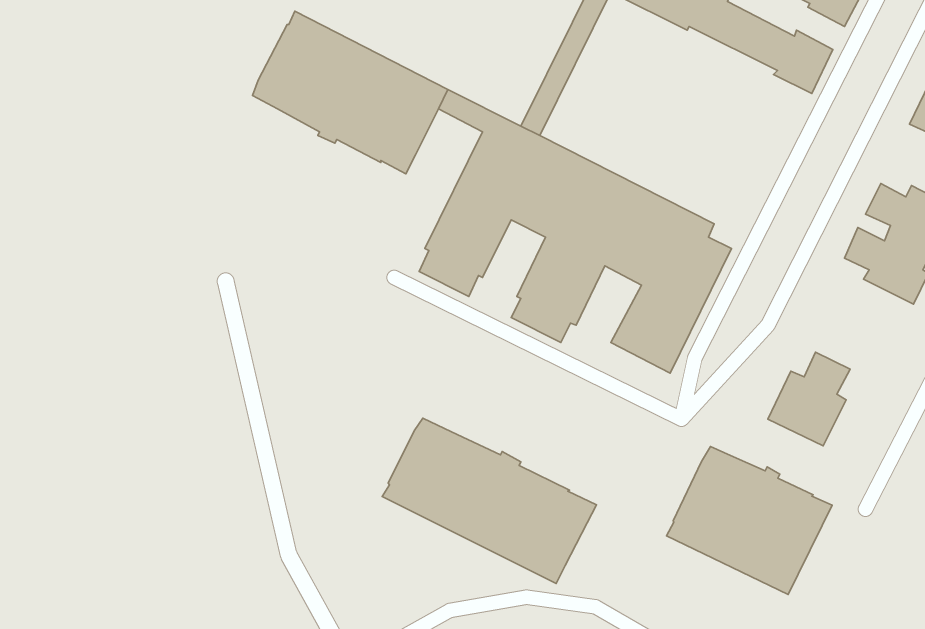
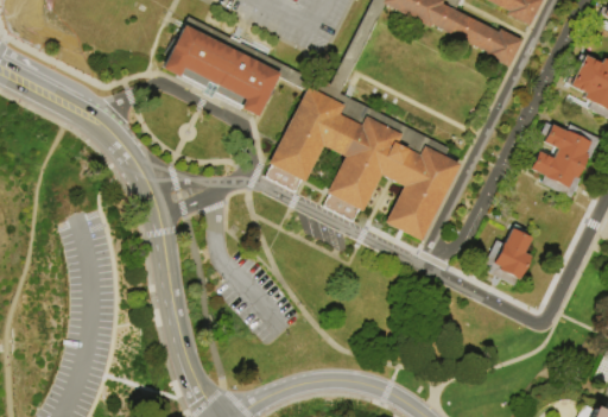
building: [382,418,597,583] -> none
building: [666,447,832,595] -> none

